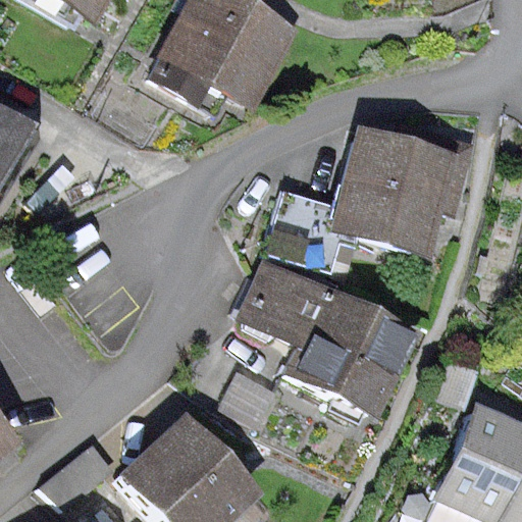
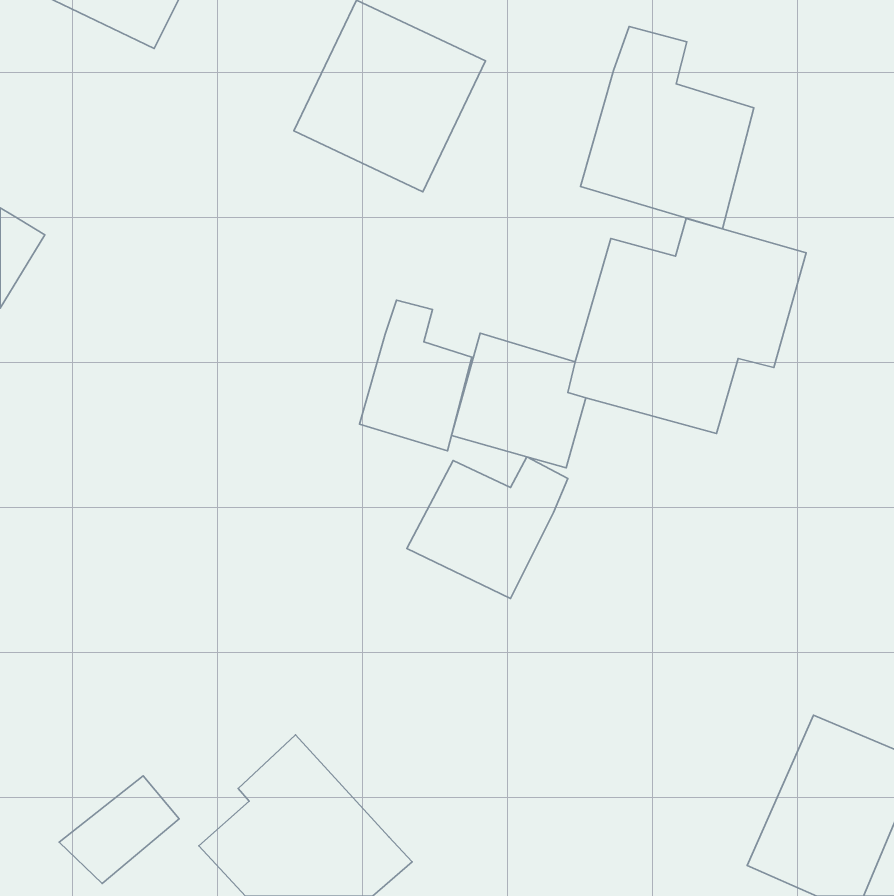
building: none -> [581,27,754,229]
building: none -> [360,300,472,451]
building: [289,292,408,411] -> none

